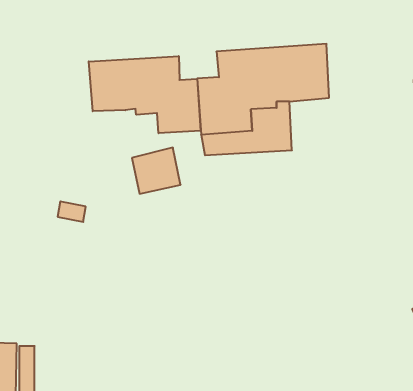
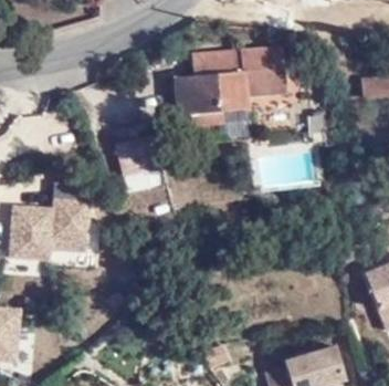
building: [89,56,200,133] -> none
building: none -> [9,201,91,262]

